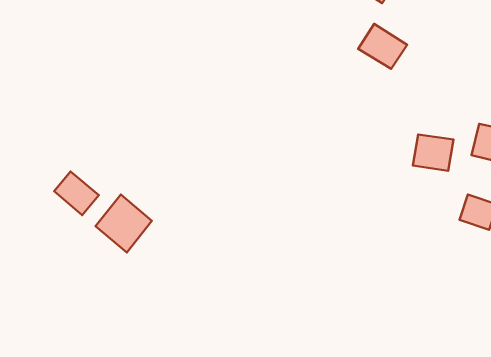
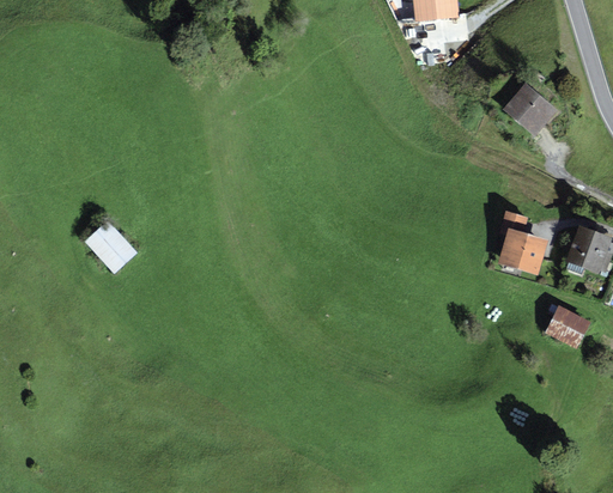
building: [358,24,407,69] -> [502,81,558,135]
building: [96,194,152,252] -> none

